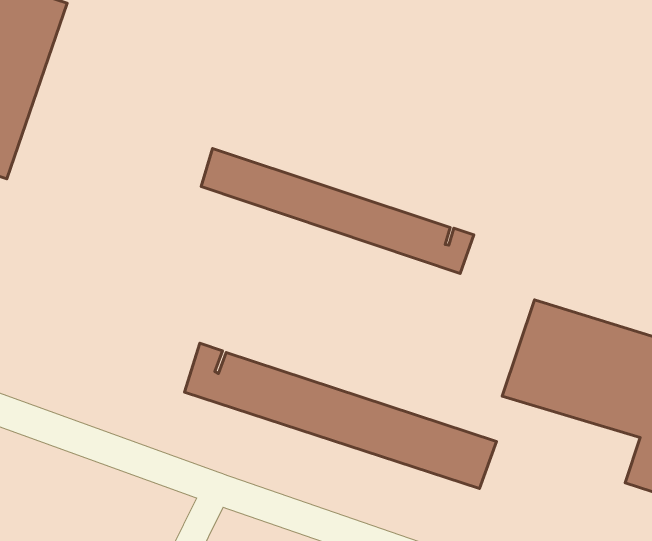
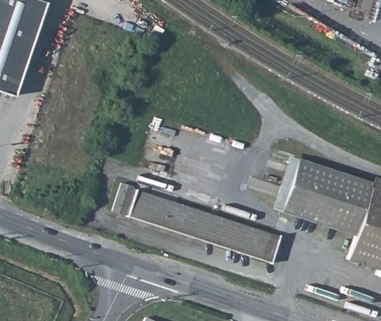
building: [201,148,474,273] -> none

